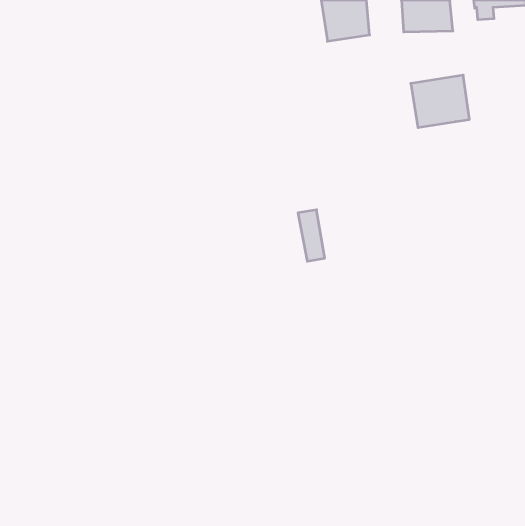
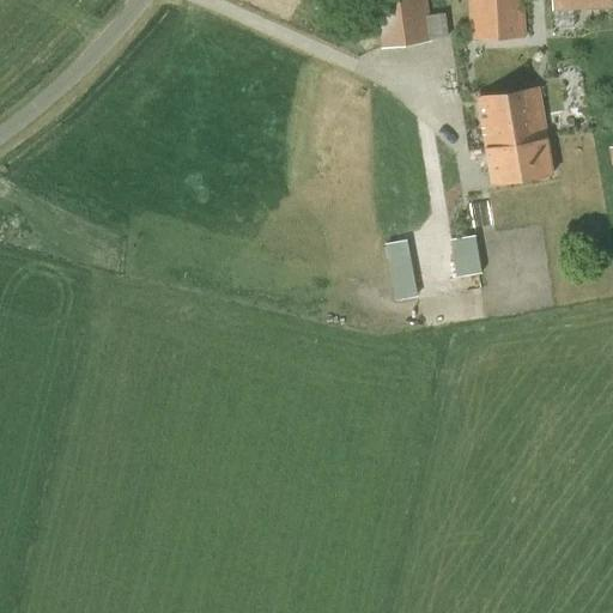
building: none -> [487,139,553,183]
building: none -> [450,235,482,277]
building: [298,210,325,261] -> [387,239,418,299]

